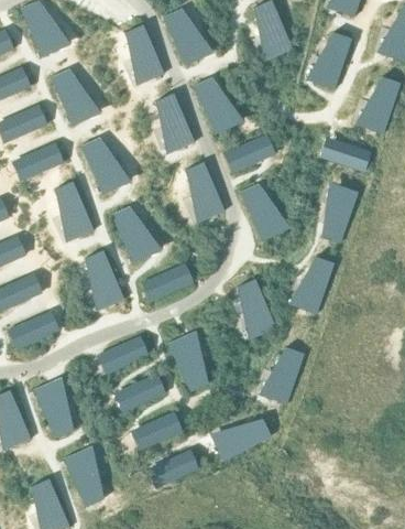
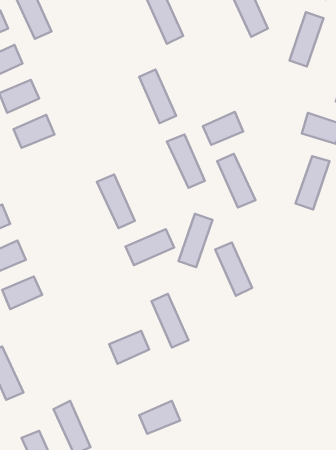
building: [124,25,164,83] -> none
building: [50,71,89,128] -> none
building: [191,77,232,134] -> none
building: [79,138,119,195] -> none
building: [53,181,92,238] -> none
building: [83,249,123,307] -> none
building: [297,257,333,314] -> [178,214,212,267]
building: [105,336,147,371] -> none
building: [266,347,303,406] -> none
building: [32,380,73,438] -> none
building: [138,411,182,446] -> none
building: [212,419,270,461] -> none

